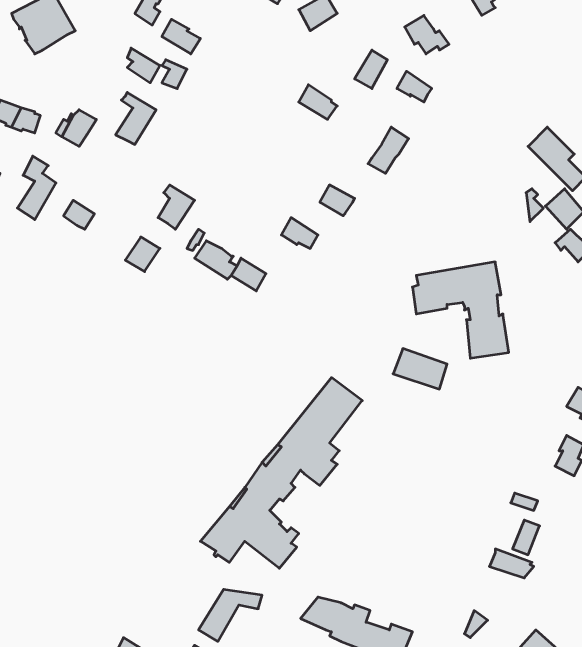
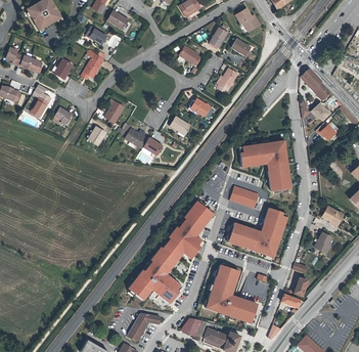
building: none -> [228,208,287,257]
building: none -> [206,265,258,323]

